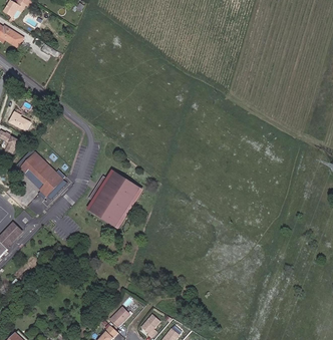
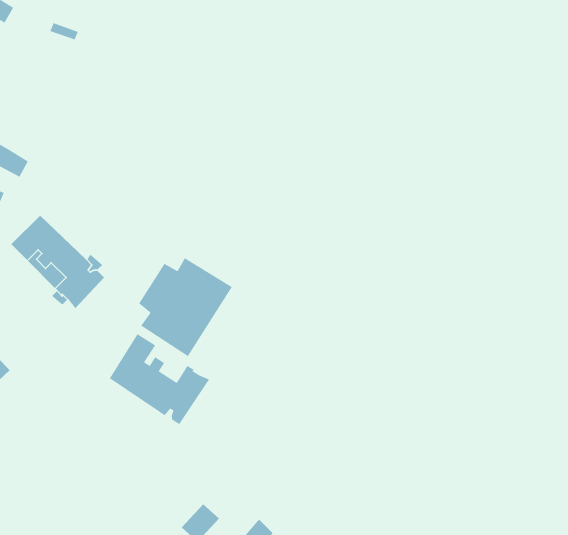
building: none -> [109,333,210,425]

